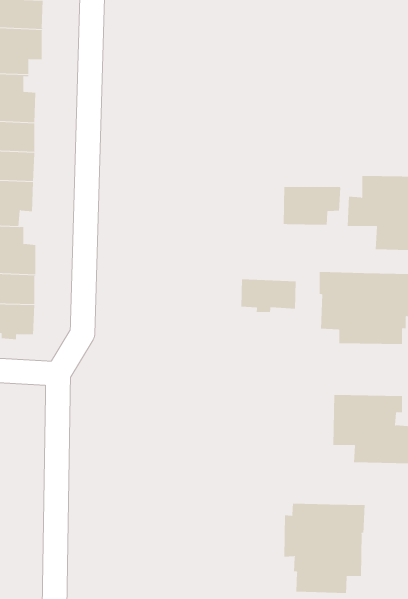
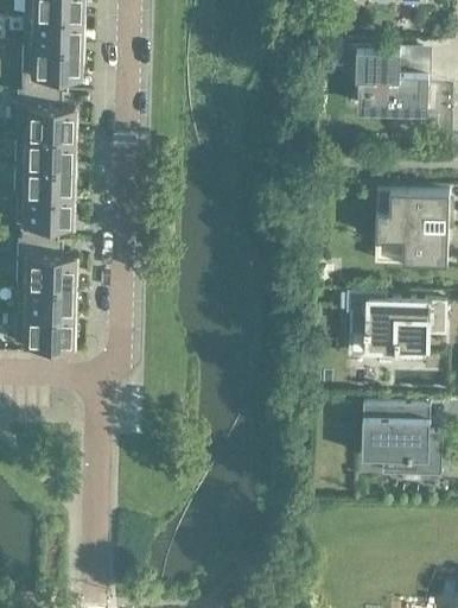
building: none -> [350,50,425,112]
building: [283,186,341,226] -> none
building: [241,278,296,313] -> none
building: [284,503,365,594] -> none

